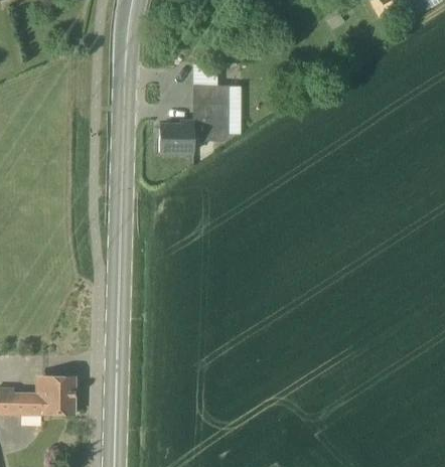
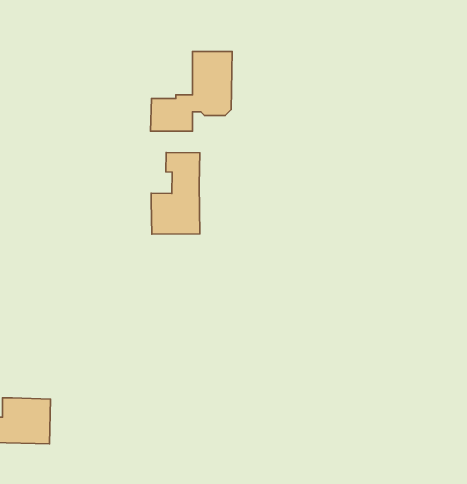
building: none -> [151,153,200,234]

